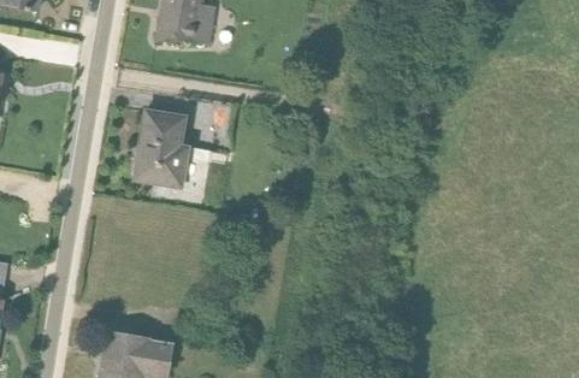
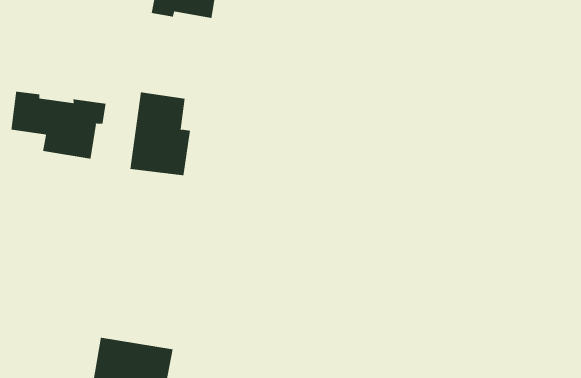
building: none -> [11,91,106,159]

